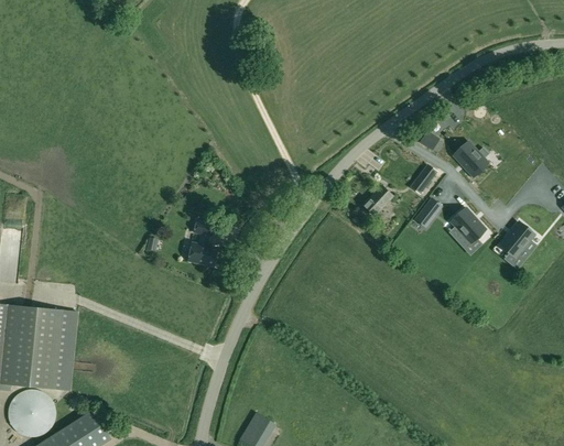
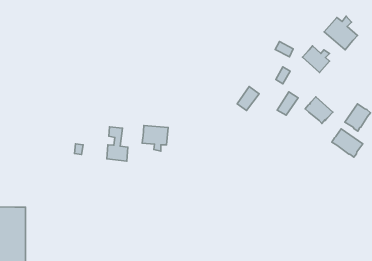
building: none -> [324,16,358,50]
building: none -> [142,126,168,151]
building: none -> [332,129,363,157]

